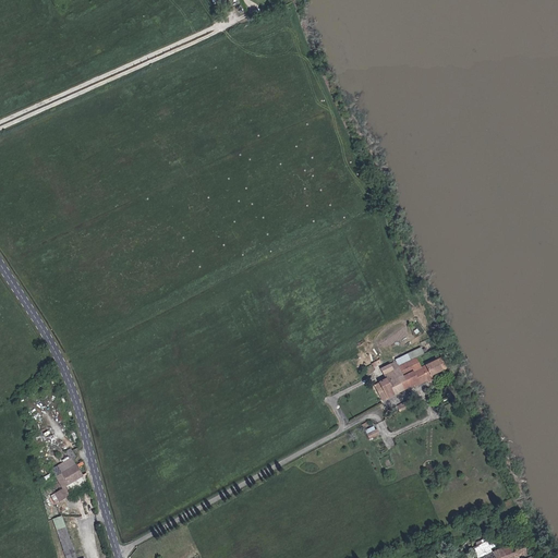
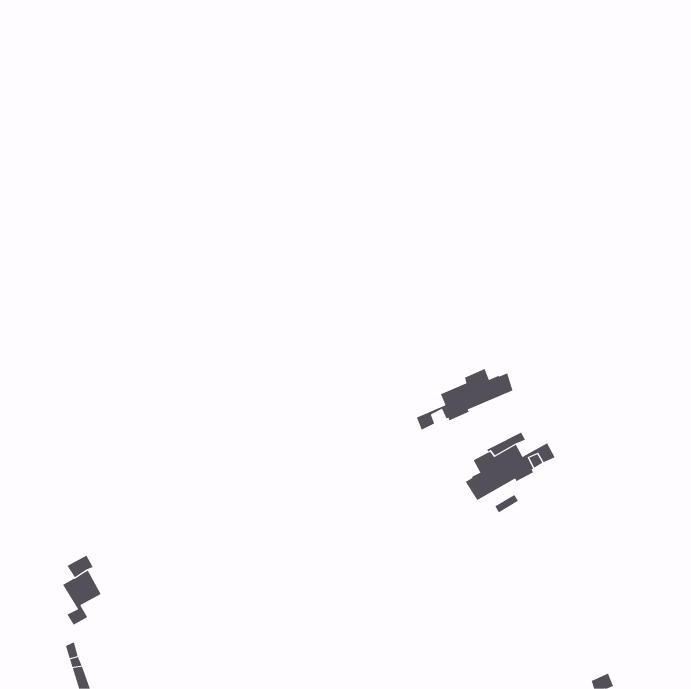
building: none -> [416,368,513,430]

